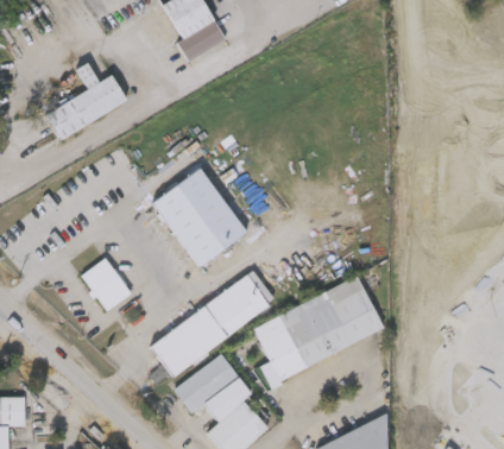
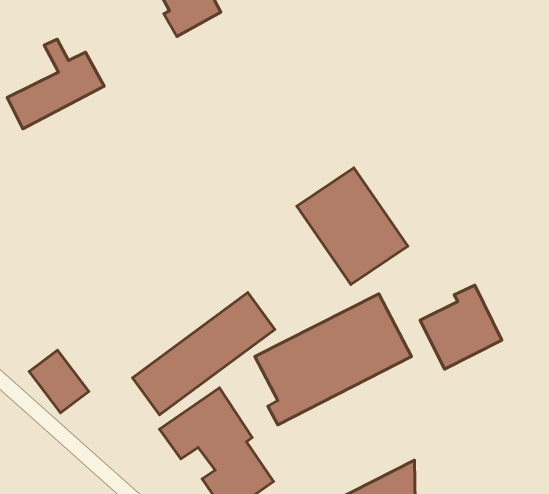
building: [152,169,245,266] -> [297,168,408,285]
building: [80,259,130,311] -> [29,350,89,413]
building: none -> [420,285,502,369]

